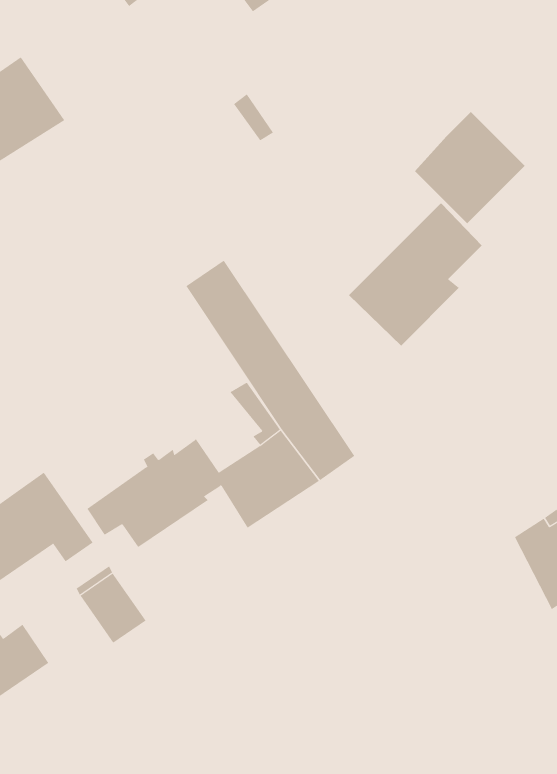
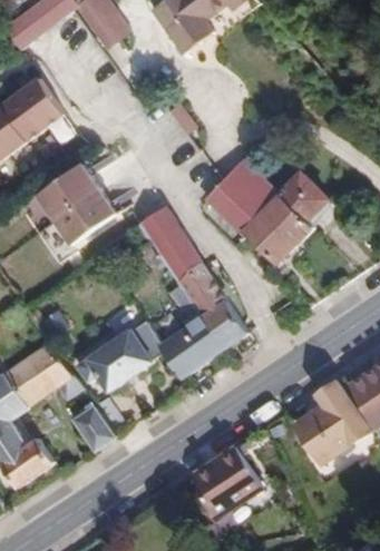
building: [414,111,526,224] -> [210,159,280,230]
building: none -> [37,164,116,244]
building: none -> [292,378,368,463]
building: none -> [193,444,261,520]

